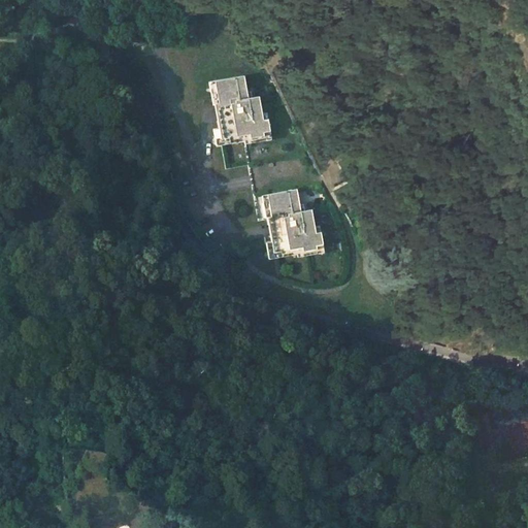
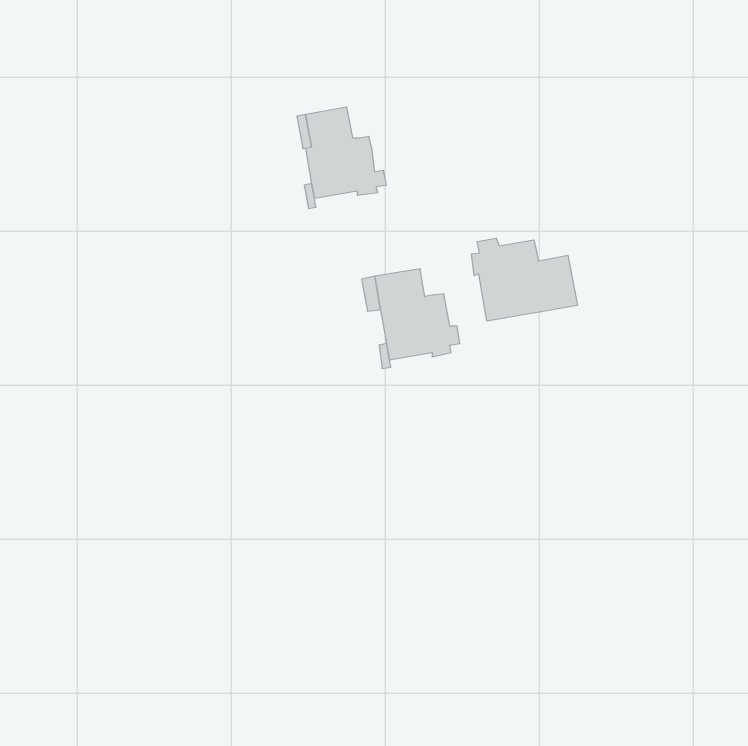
building: none -> [472,238,577,321]

